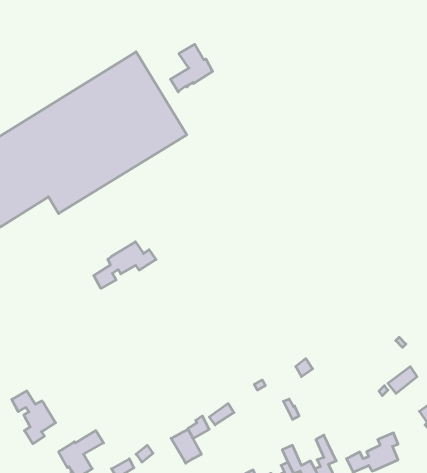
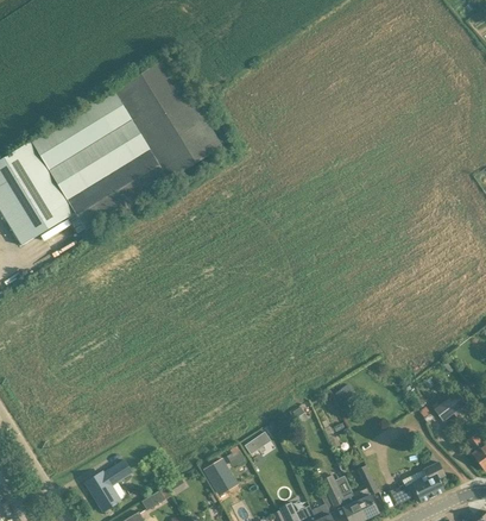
building: [170,44,213,92] -> none
building: [94,242,156,288] -> none
building: [12,391,56,444] -> none

